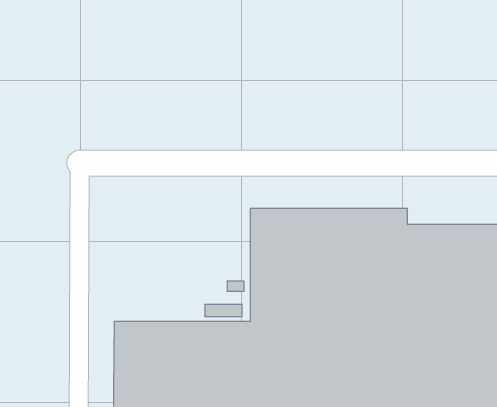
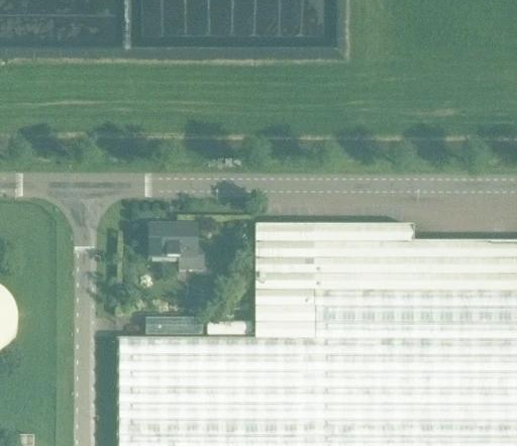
building: none -> [149,228,204,273]
building: none -> [147,321,203,339]

